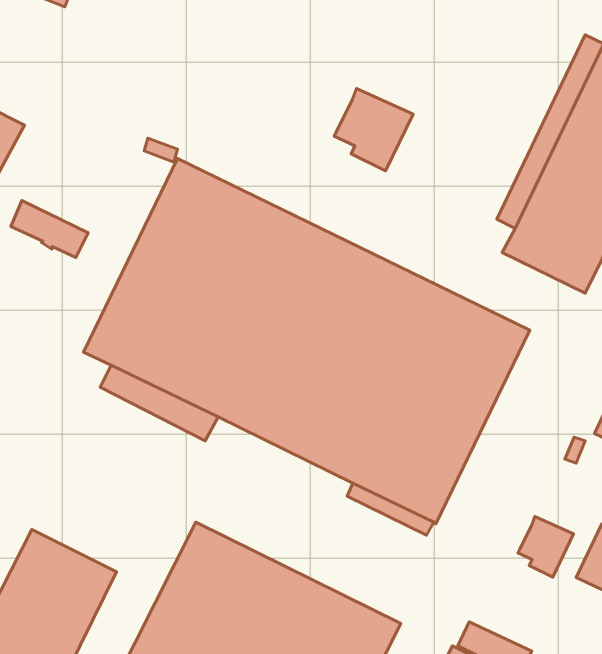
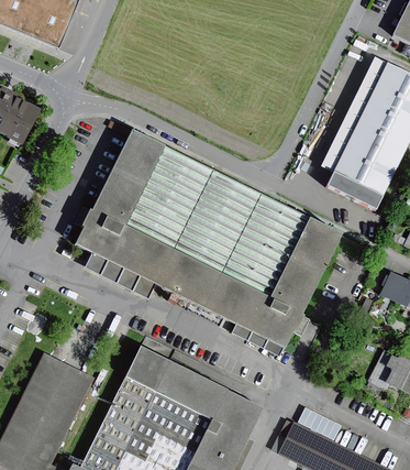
building: [334,89,413,171] -> none
building: [11,201,88,257] -> none
building: [518,517,574,577] -> none

